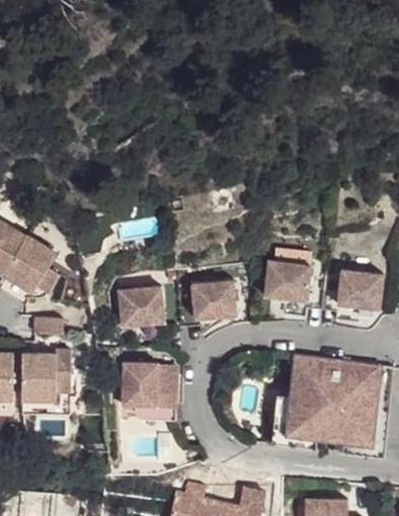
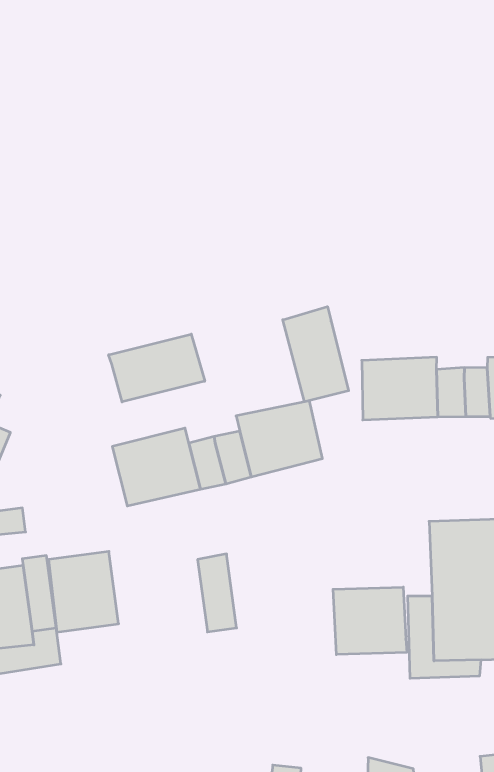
building: none -> [283,307,349,402]
building: none -> [109,334,205,402]
building: [121,363,157,405] -> [49,551,119,632]
building: none -> [333,587,407,655]

